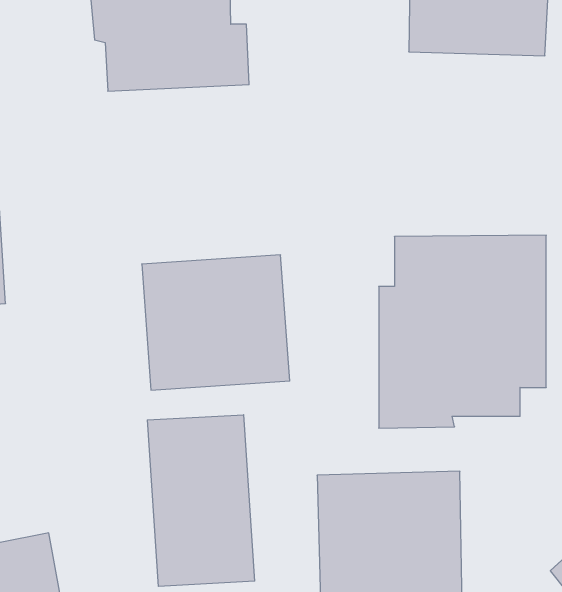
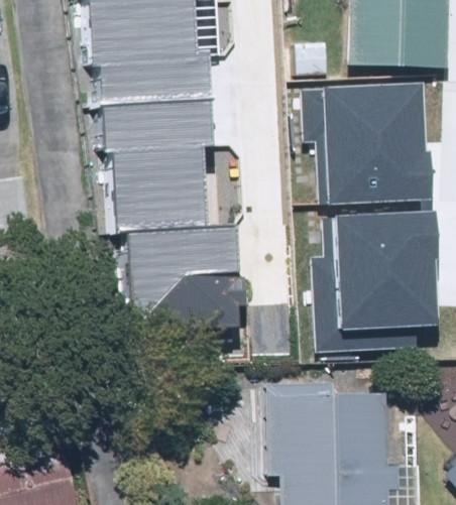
building: none -> [299,82,439,200]
building: none -> [104,95,217,224]
building: [147,415,255,586] -> none

